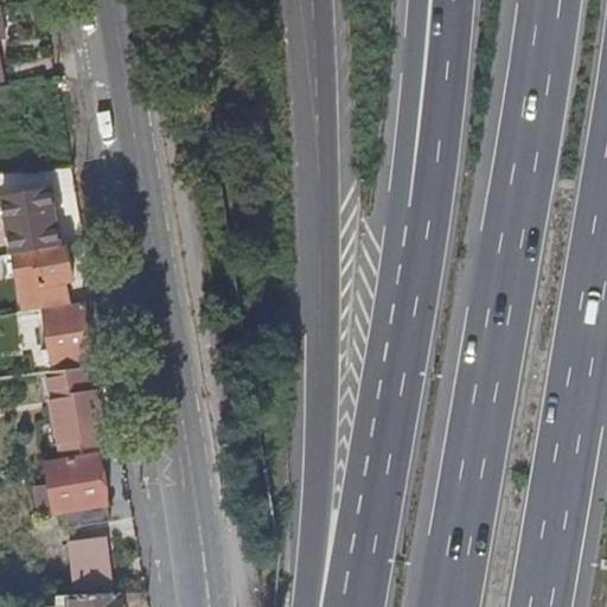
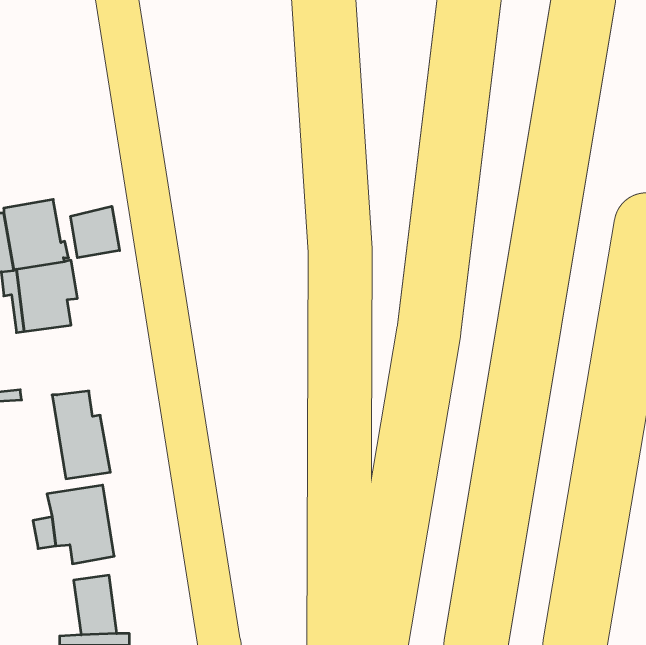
building: none -> [71,206,120,258]
building: [43,304,91,369] -> none

